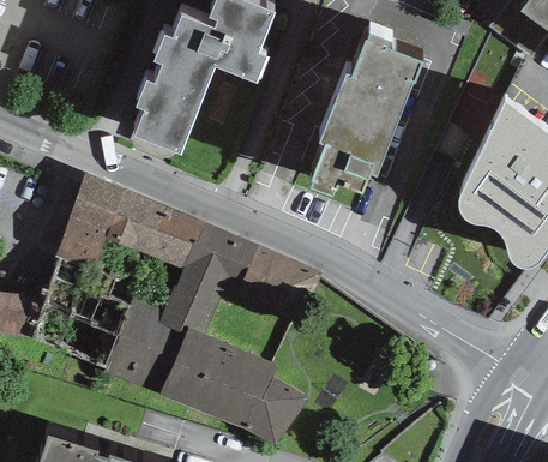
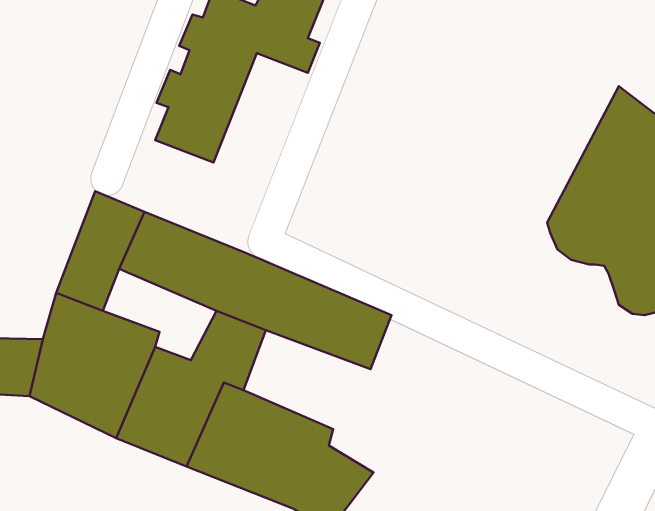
building: [311,29,423,192] -> none

